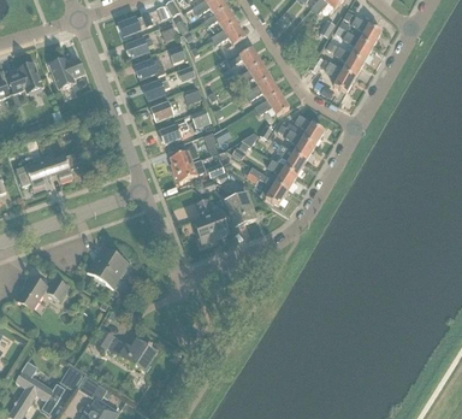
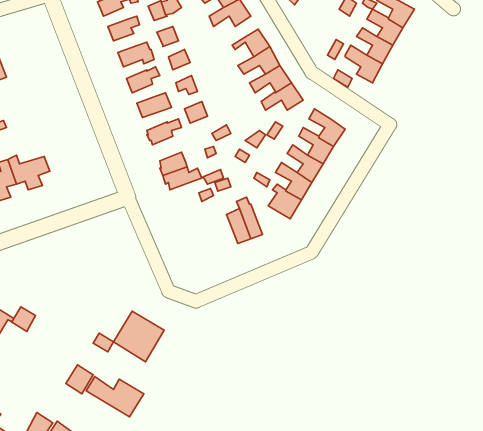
building: [49,58,84,88] -> none
building: [195,199,226,242] -> none
building: [87,246,129,288] -> [114,311,164,362]

